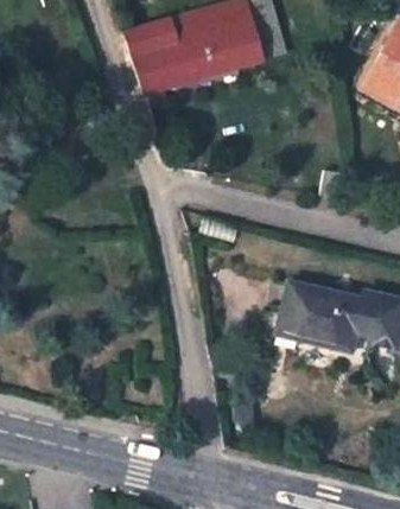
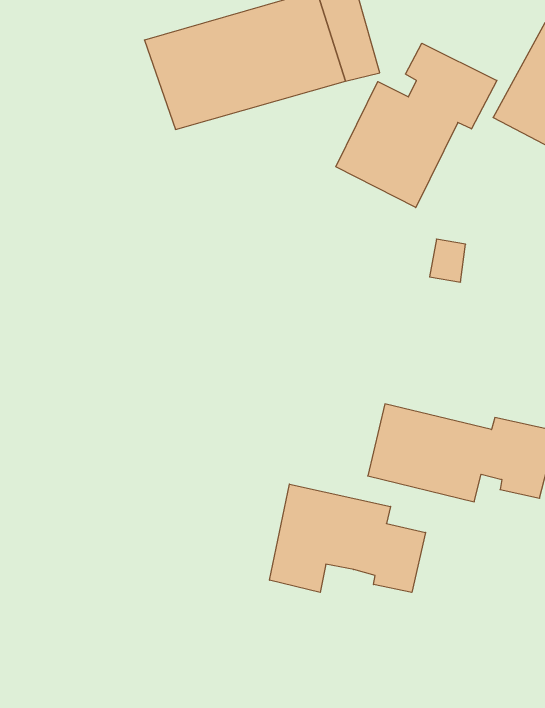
building: none -> [336,43,497,208]
building: none -> [270,484,426,592]

